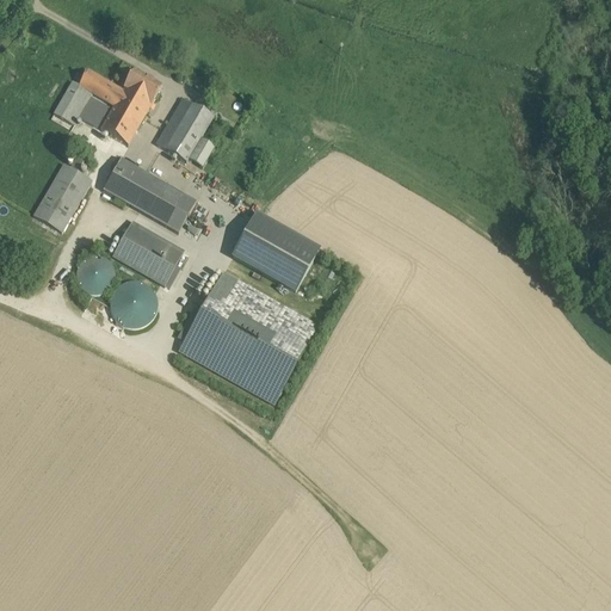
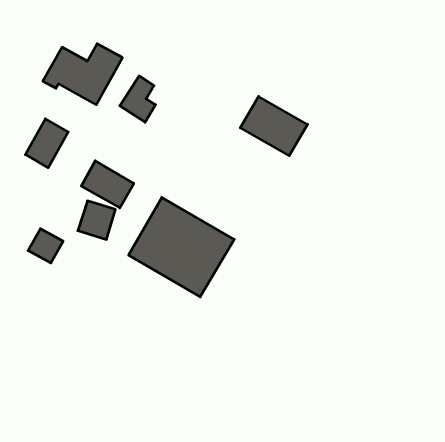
building: [100,158,193,230] -> none
building: [228,211,320,292] -> [240,96,308,156]
building: [69,249,117,296] -> [28,229,63,263]

